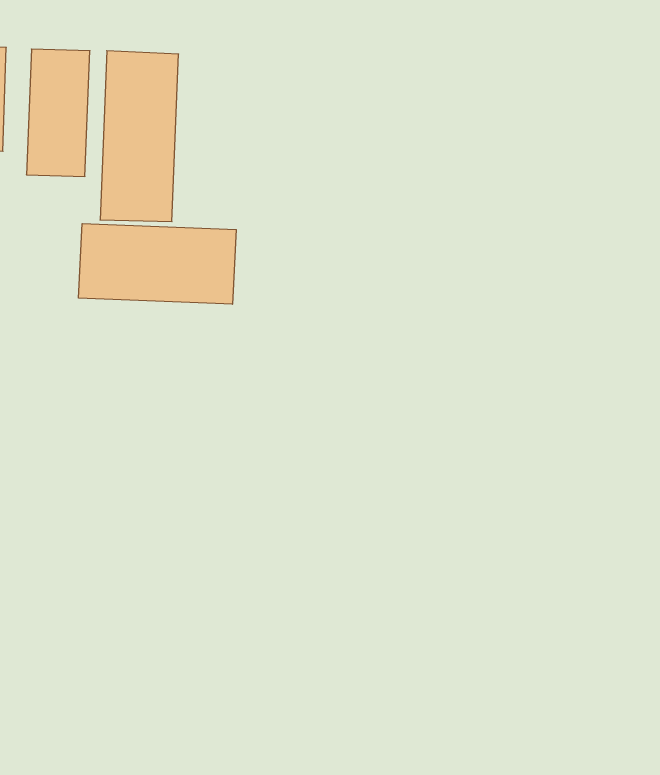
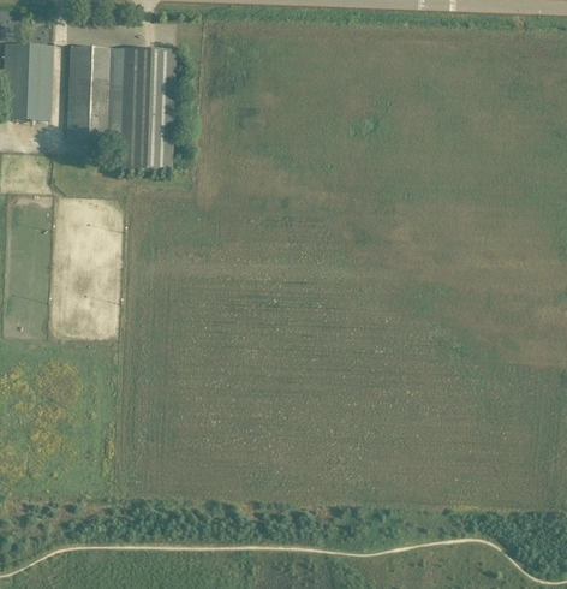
building: [79,224,236,304] -> none

